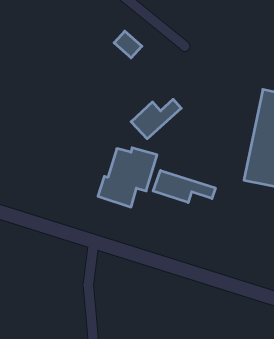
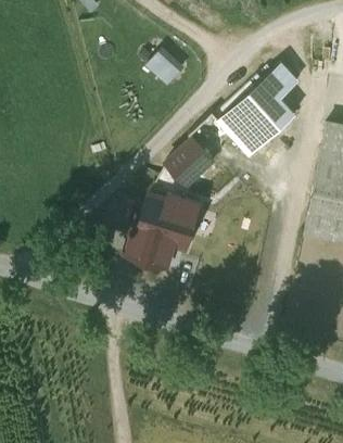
building: none -> [218,63,297,155]
building: [153,170,215,203] -> none

